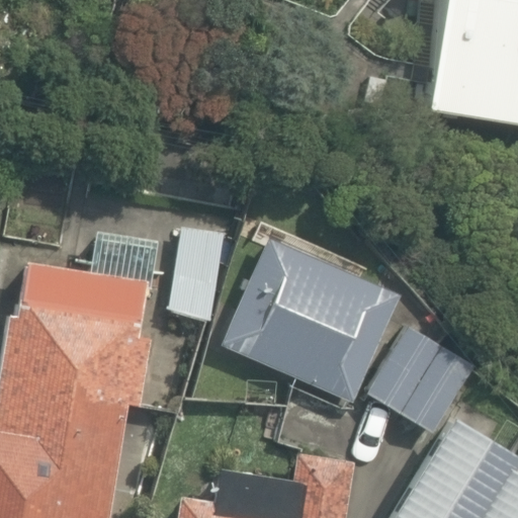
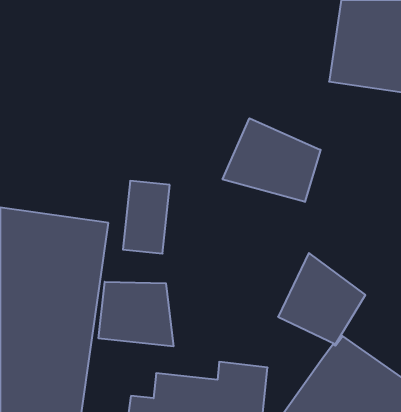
building: none -> [223,118,321,202]
building: [221,236,400,404] -> none
building: none -> [99,282,173,346]

